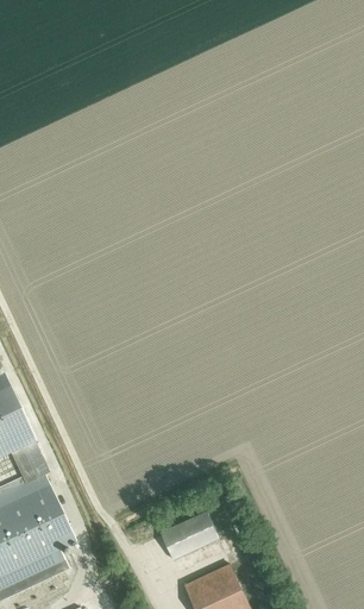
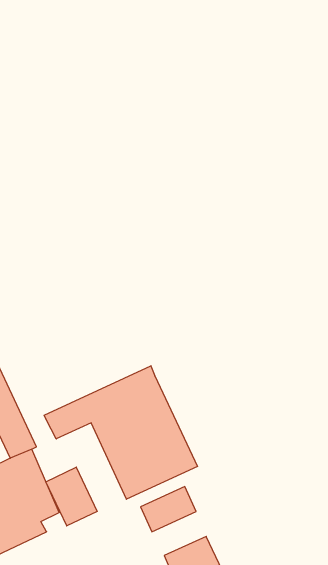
building: none -> [44,366,197,499]
building: none -> [46,467,97,526]

